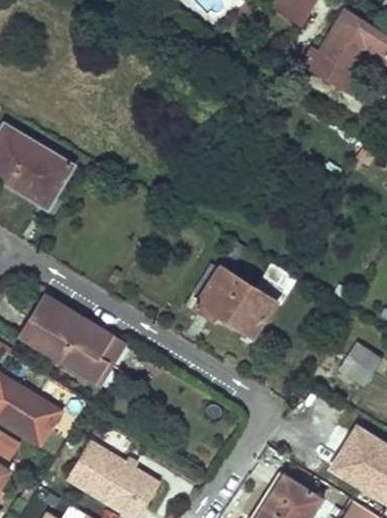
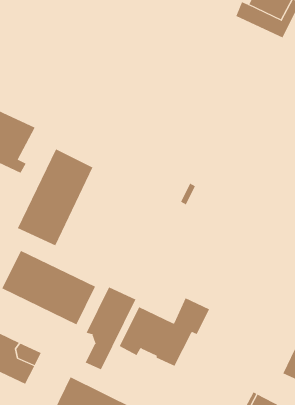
building: none -> [17,149,93,246]
building: [196,264,298,337] -> [119,297,210,366]
building: none -> [85,287,136,370]

